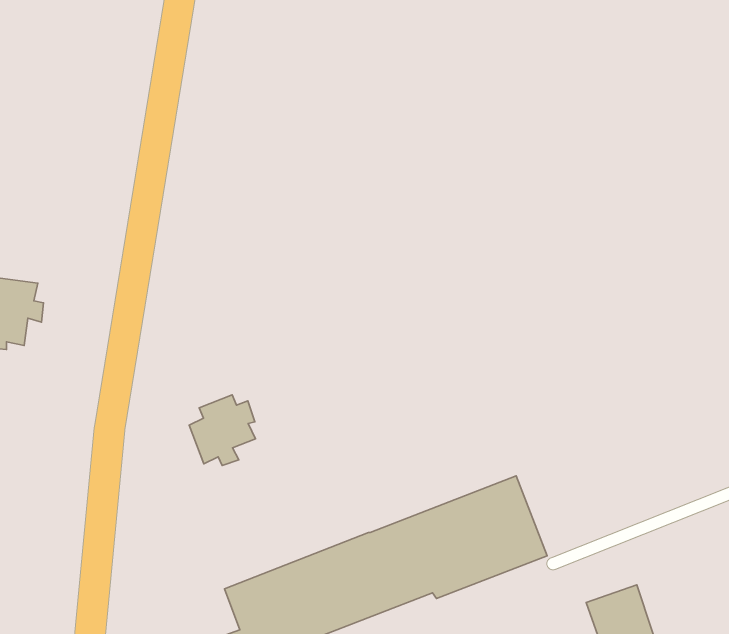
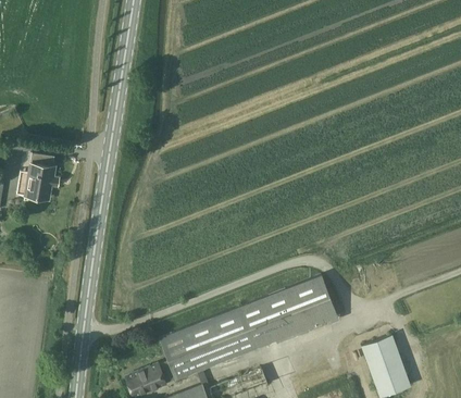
building: [189,395,255,465] -> none

